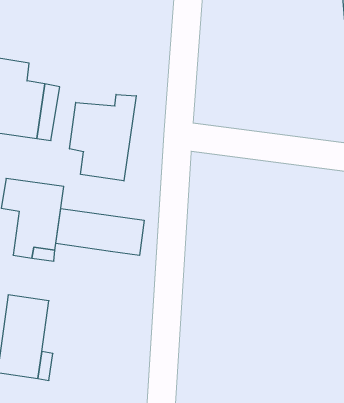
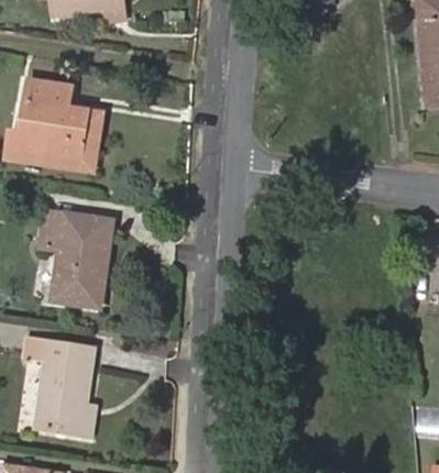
building: [70,94,136,181] -> none
building: [56,209,144,255] -> none

